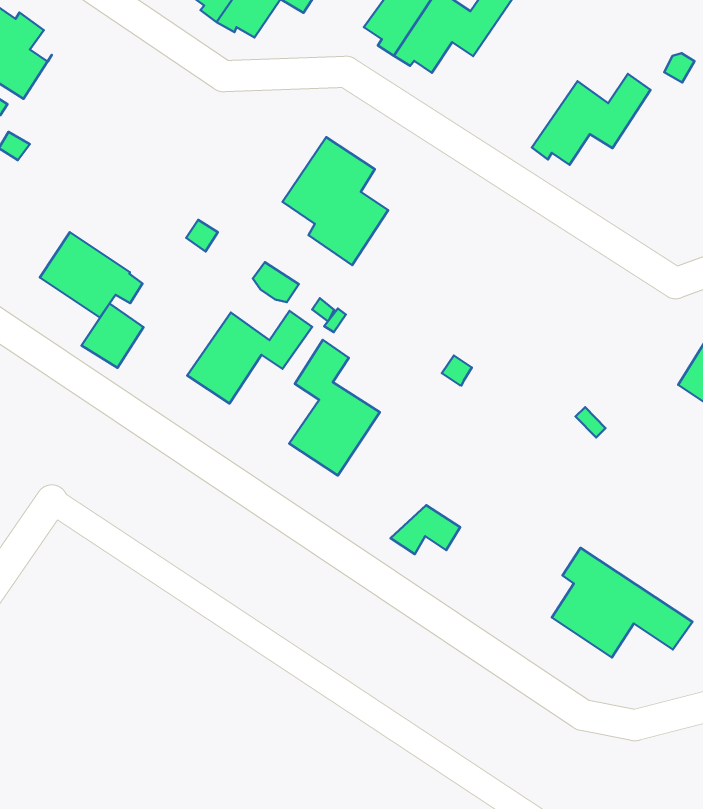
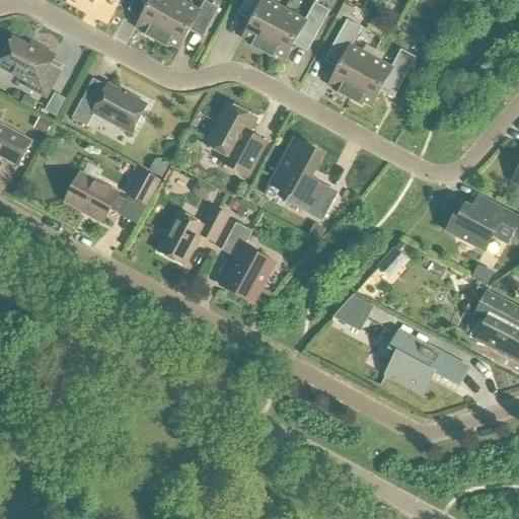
building: none -> [326,18,371,96]
building: none -> [71,82,146,132]
building: none -> [271,138,338,220]
building: [82,303,144,368] -> [125,166,160,204]
building: [390,505,460,554] -> [332,294,373,323]

